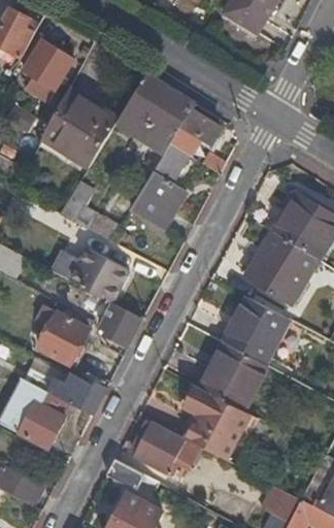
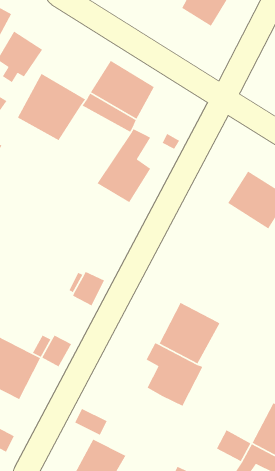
building: [170,113,221,157] -> none
building: [57,182,120,240] -> none
building: [239,229,320,307] -> none
building: [49,246,127,301] -> none
building: [222,296,287,362] -> none
building: [34,312,87,366] -> none
building: [134,420,201,470] -> none

